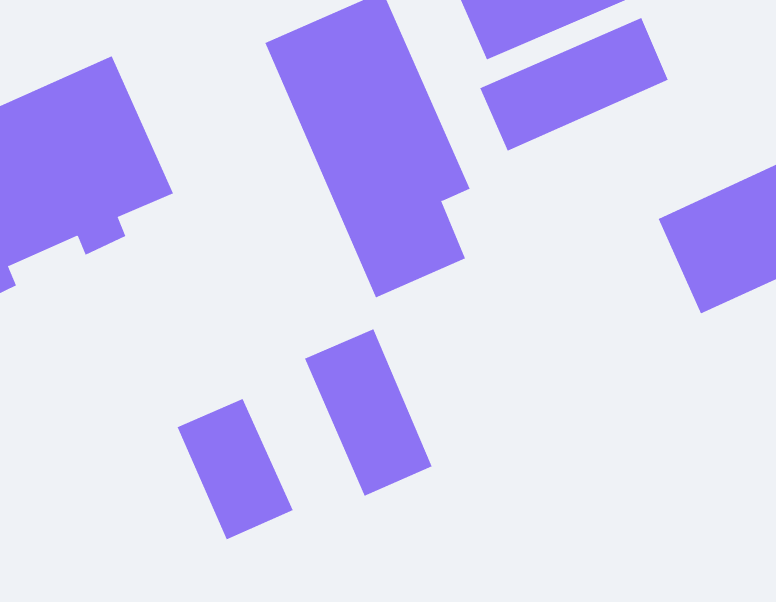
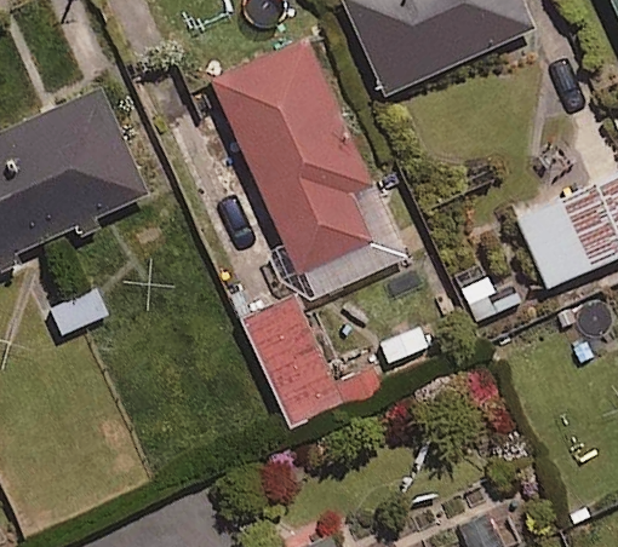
building: [479,17,668,152] -> none
building: [177,398,293,540] -> none

